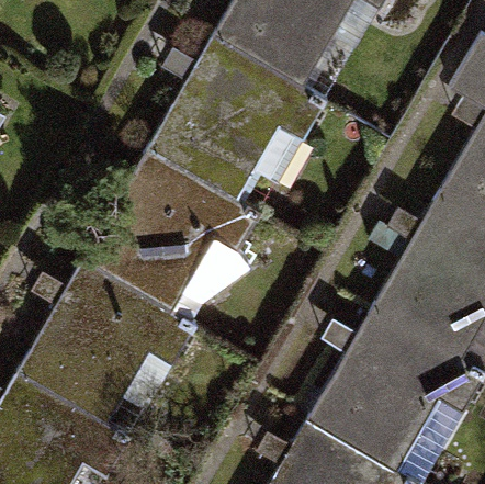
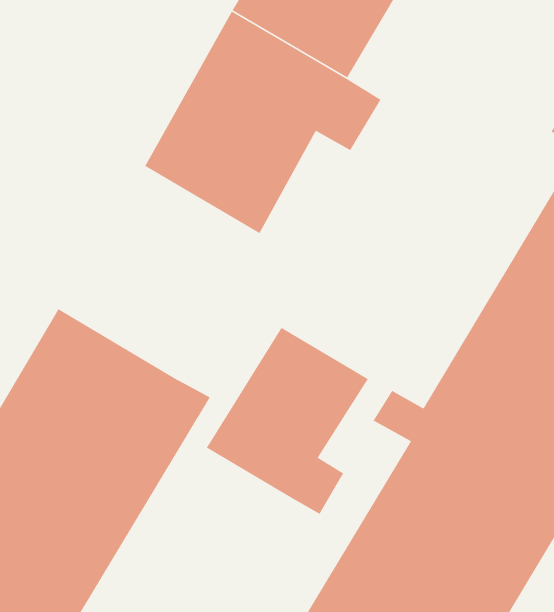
building: [88,149,259,306] -> none
building: none -> [206,327,369,515]

